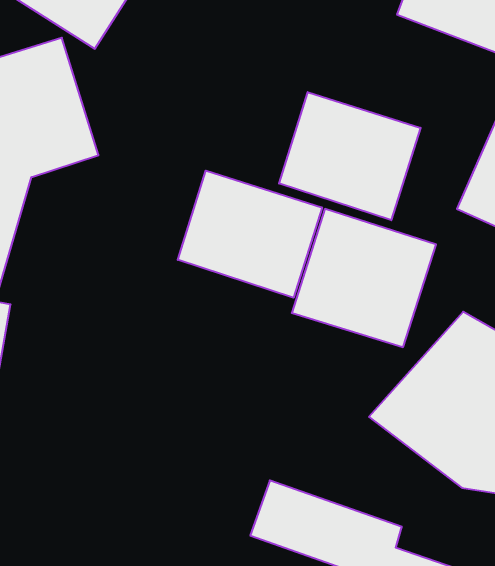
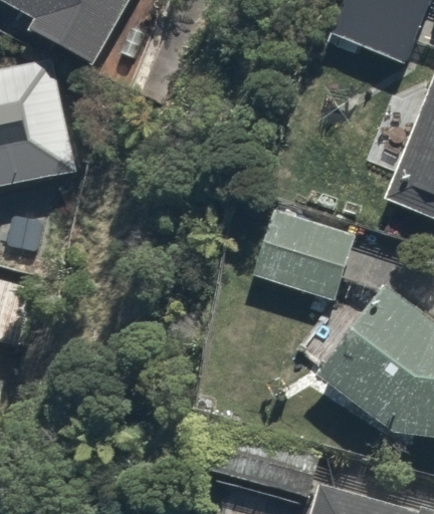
building: [279,92,421,220] -> none
building: [178,171,322,298] -> none

